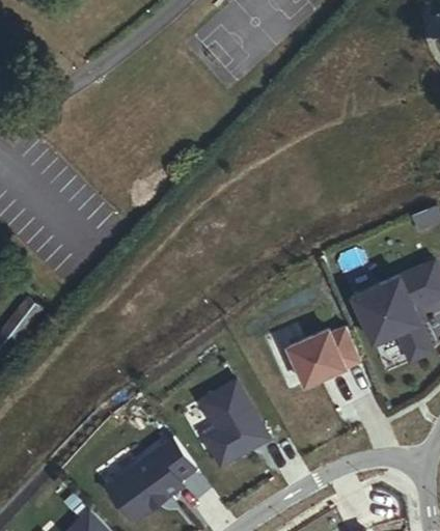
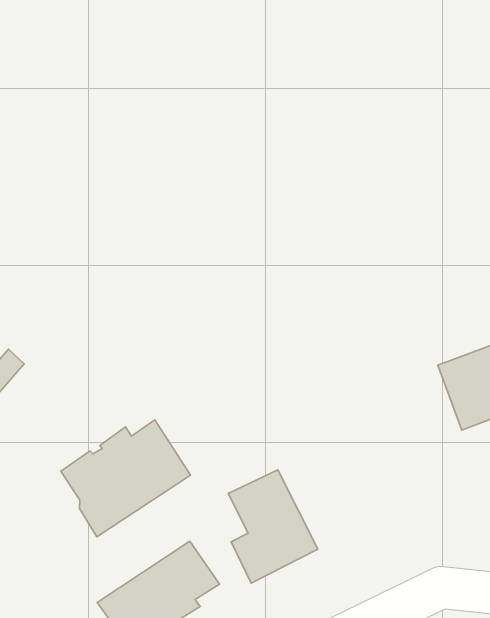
building: [287,327,360,384] -> none
building: none -> [61,420,190,537]

